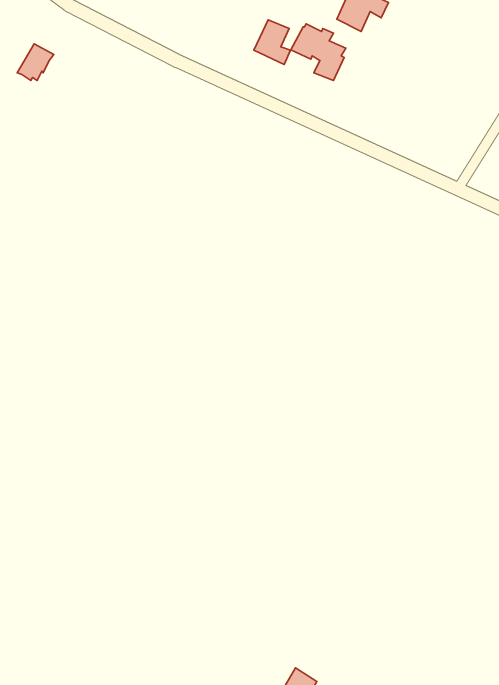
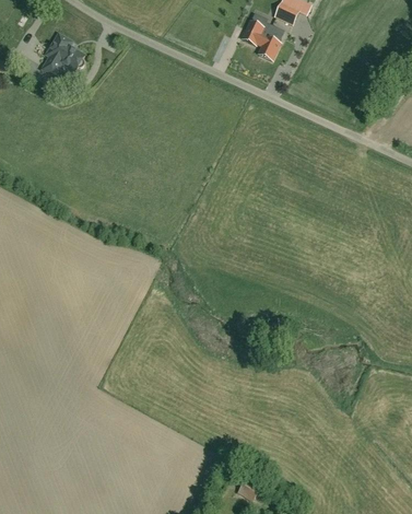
building: [254,20,290,65] -> none
building: none -> [42,46,84,75]

